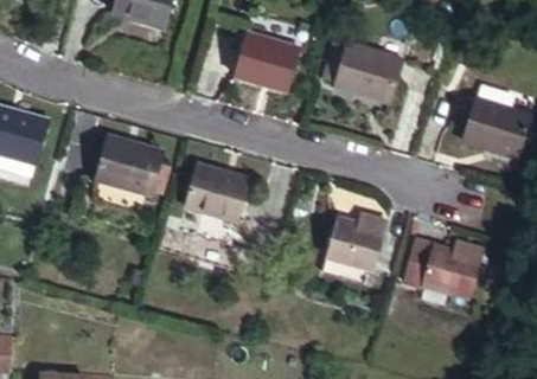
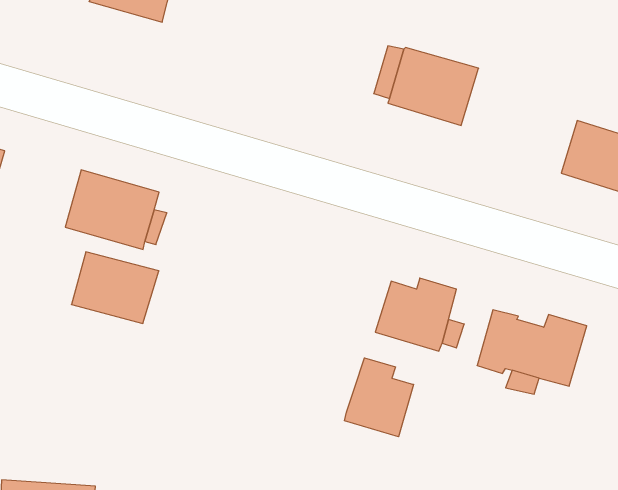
building: [232,37,296,91] -> none
building: [181,167,247,220] -> [71,252,159,323]
building: none -> [345,358,414,437]

